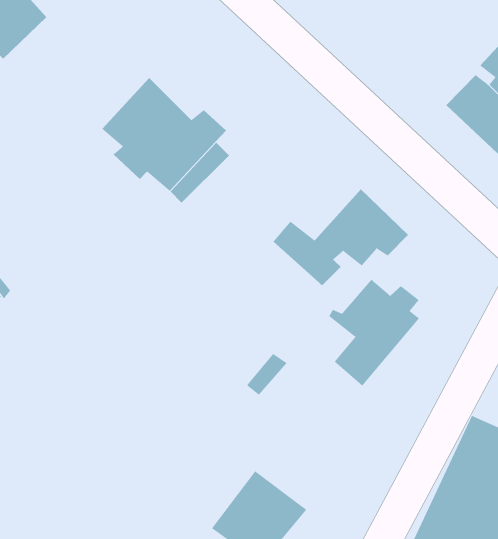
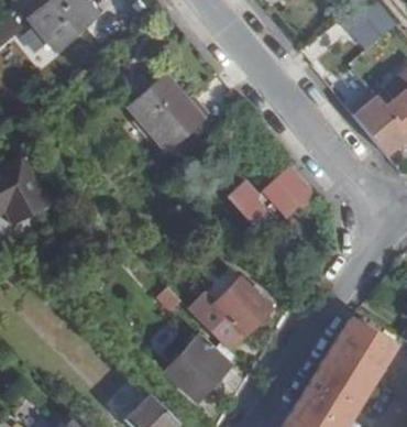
building: [328,279,420,387] -> [210,282,271,351]

